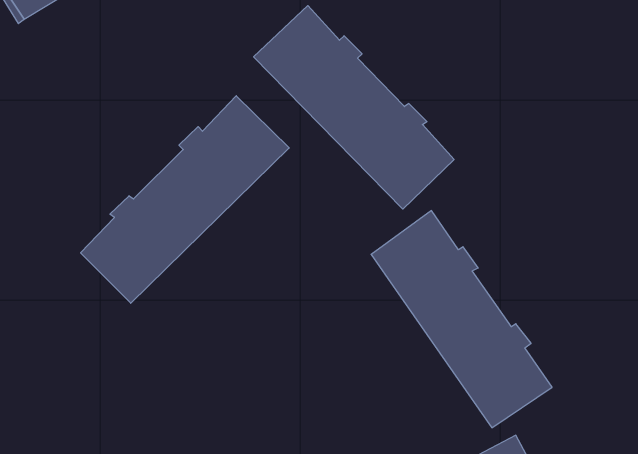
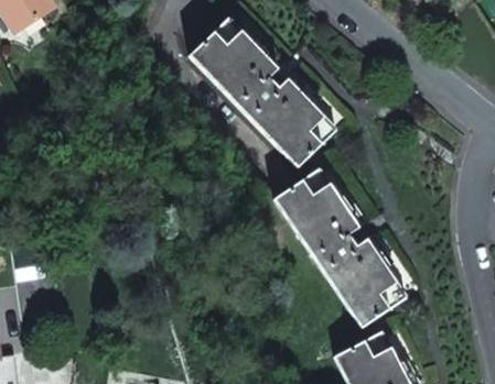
building: [81,96,289,303] -> none

